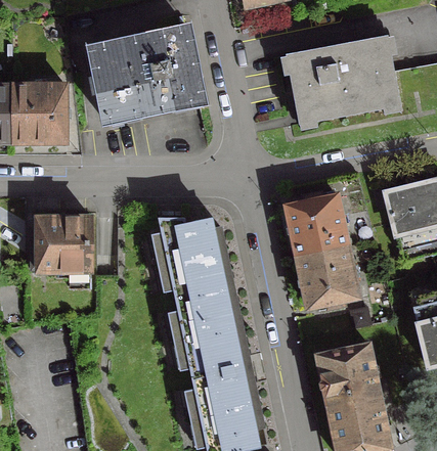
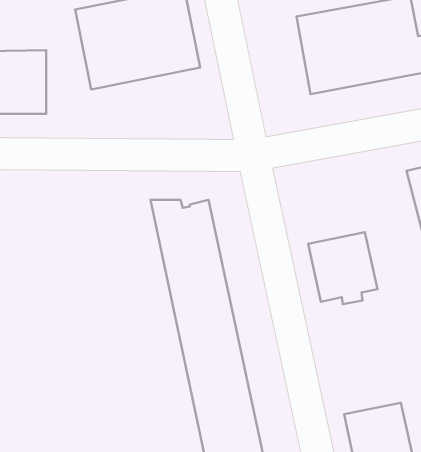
building: [287,192,347,256] -> none
building: [30,214,90,287] -> none
building: [318,345,379,406] -> none

